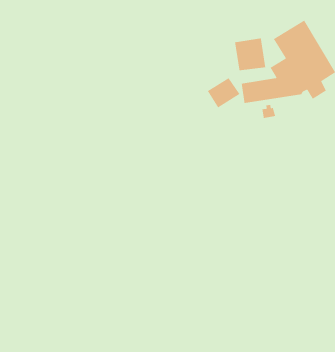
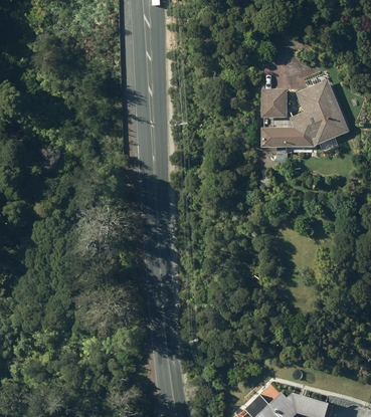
building: [207,77,241,108] -> none

